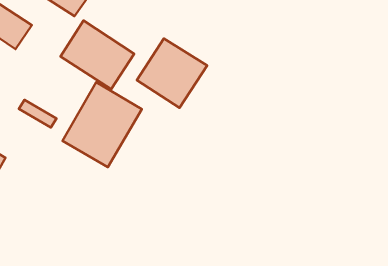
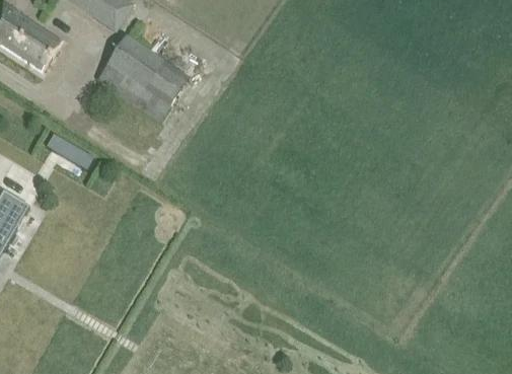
building: [137,39,207,108] -> none
building: [63,82,142,167] -> none

